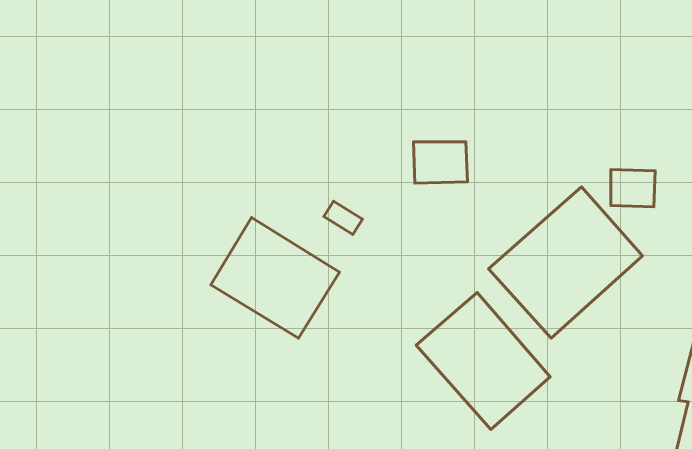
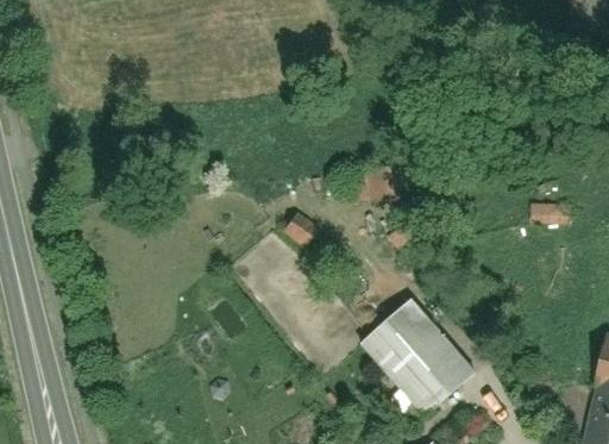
building: [489,187,643,338] -> none
building: [211,217,339,338] -> none

